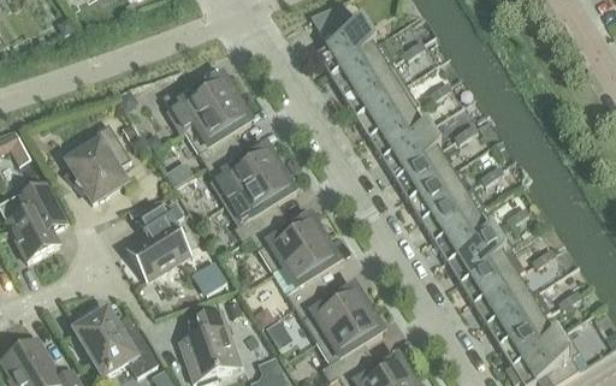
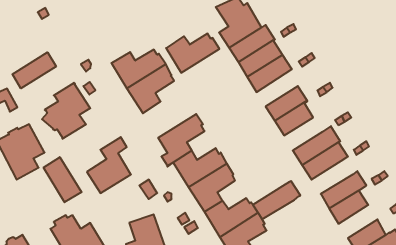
building: none -> [12,52,56,88]
building: [368,102,427,155] -> none
building: [207,144,283,200] -> [166,34,219,73]
building: [408,171,462,218] -> none
building: [446,225,514,279] -> [253,181,300,219]
building: none -> [44,157,82,202]
building: [485,289,550,342] -> none

